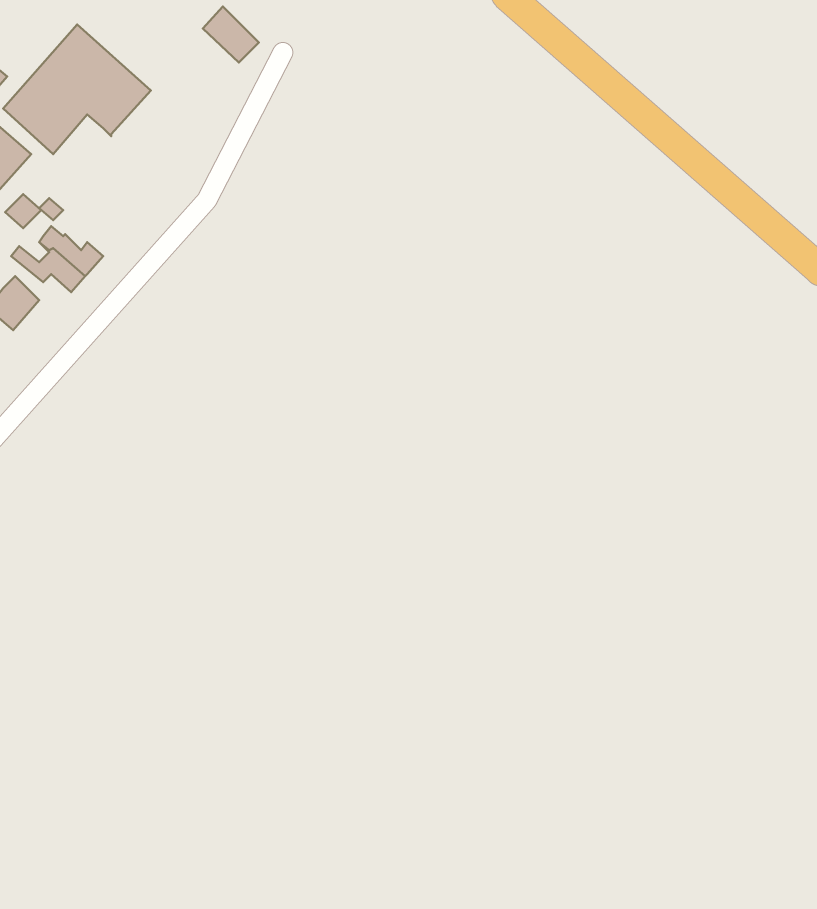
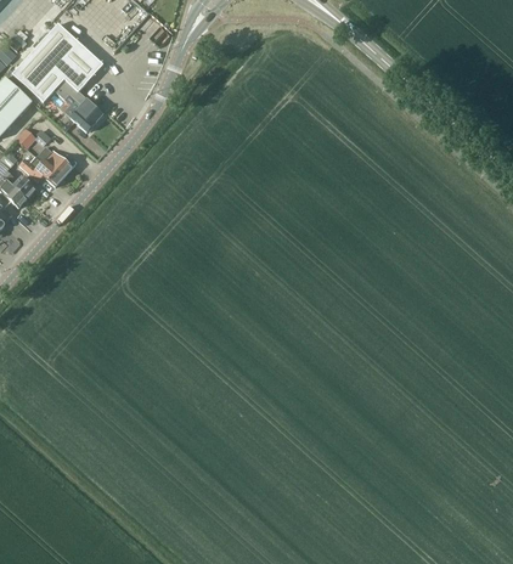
building: none -> [69,86,103,131]

